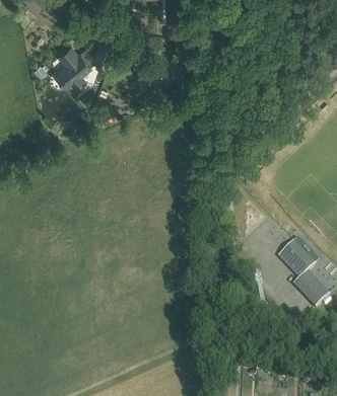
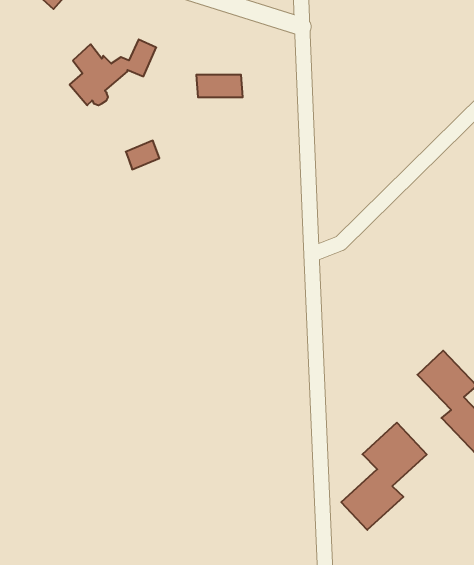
building: none -> [341,423,427,530]

